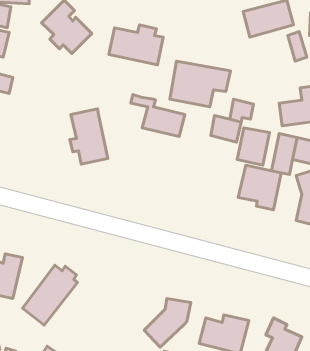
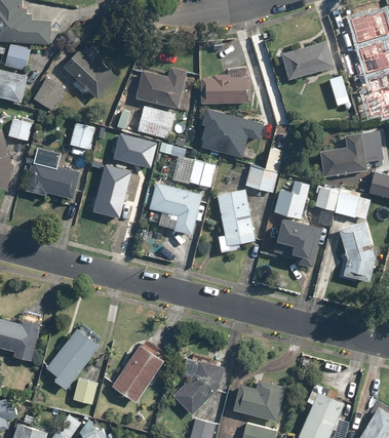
building: none -> [33,77,65,110]
building: none -> [203,77,249,103]
building: none -> [137,106,176,140]
building: none -> [70,122,93,149]
building: none -> [124,138,155,169]
building: none -> [25,151,78,198]
building: none -> [149,182,202,234]
building: none -> [217,189,256,246]
building: none -> [113,341,168,402]
building: none -> [73,379,98,404]

